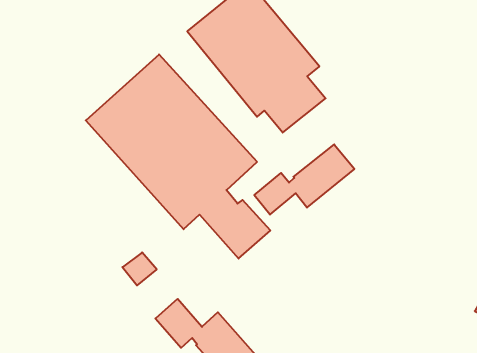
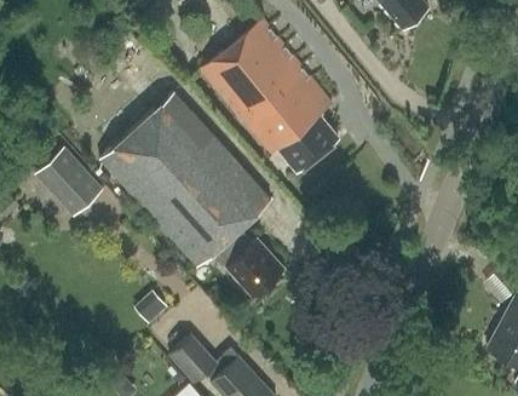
building: none -> [34,147,103,217]
building: [254,144,354,215] -> none

